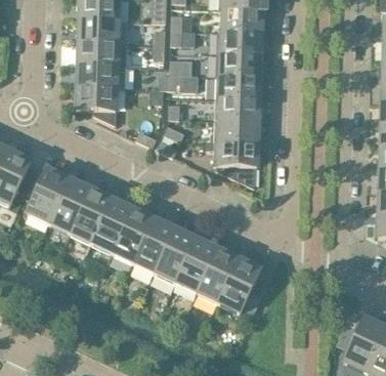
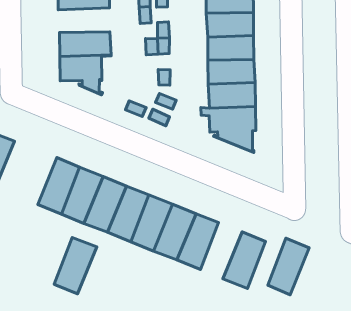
building: [79,41,127,65] -> none
building: [28,169,70,222] -> [54,237,97,294]
building: [198,249,239,302] -> [268,238,309,295]

